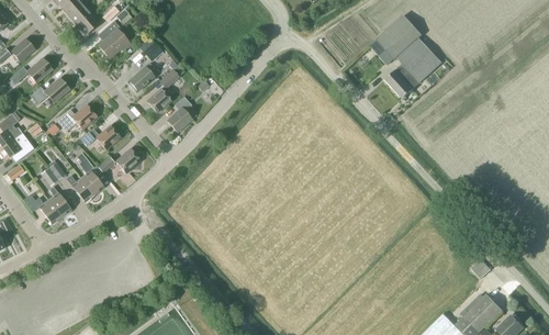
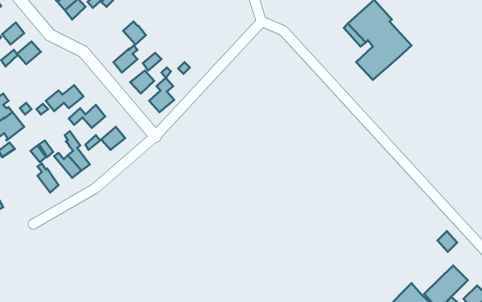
building: [98,21,131,58] -> none
building: [30,78,69,104] -> none
building: [23,194,61,224] -> none

